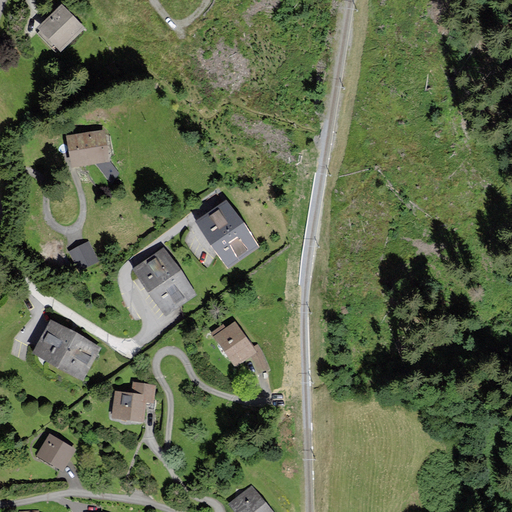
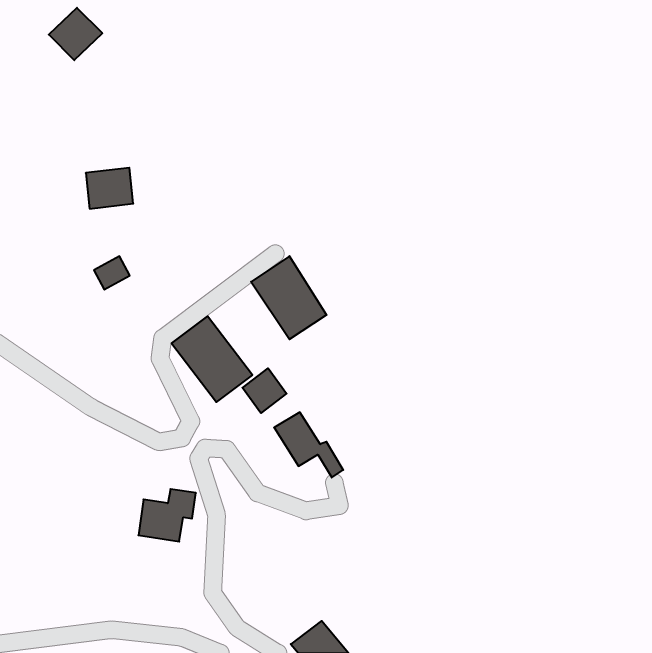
building: [68,241,96,267] -> [94,256,130,290]
building: none -> [242,368,287,413]
building: [34,320,102,378] -> none
building: [37,435,71,468] -> none

